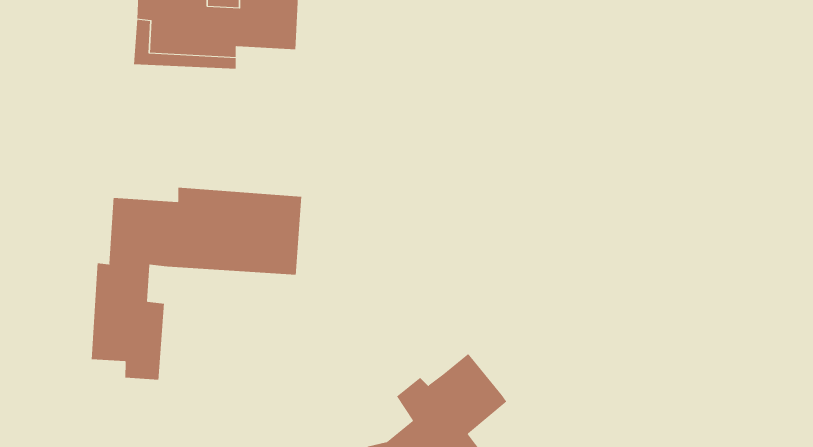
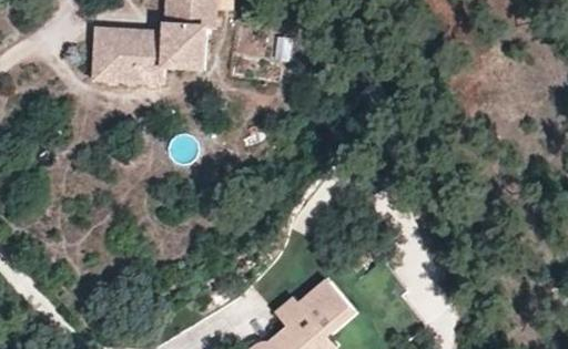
building: [91,187,302,381] -> none

